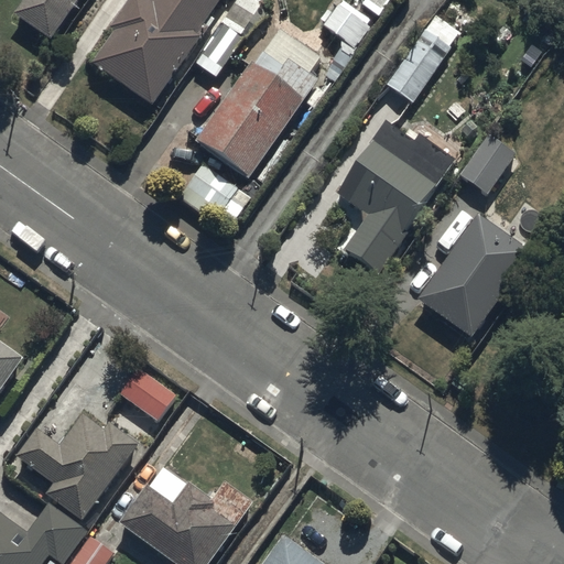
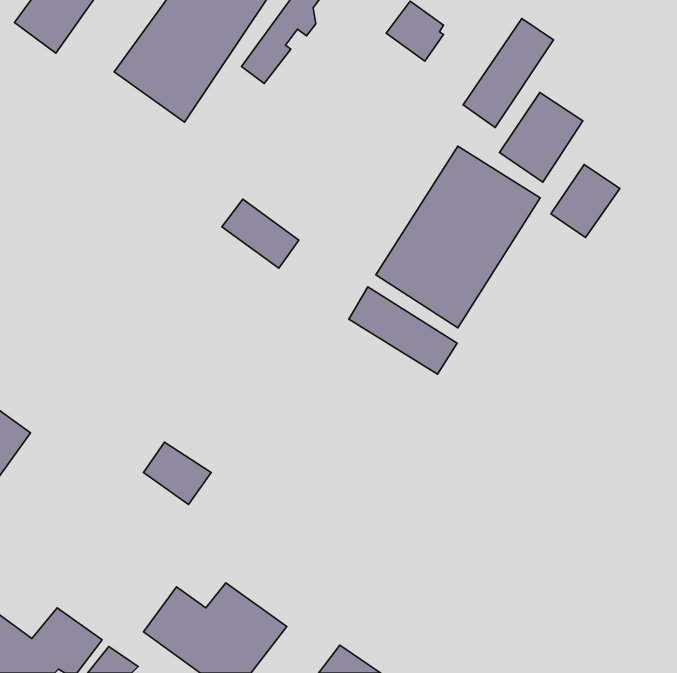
building: [194,32,323,183] -> none
building: none -> [499,93,583,182]
building: [420,213,527,332] -> none
building: none -> [349,287,457,374]
building: [17,413,139,520] -> none

